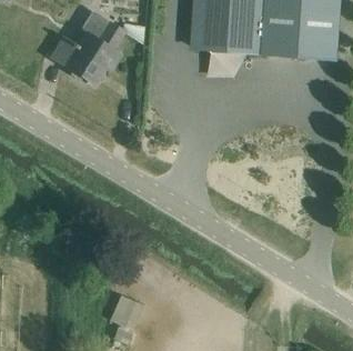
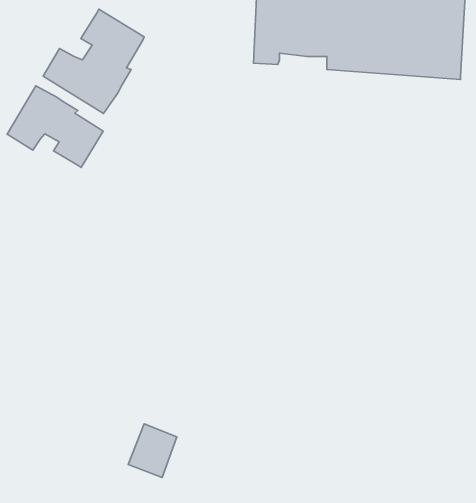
building: none -> [7,86,103,167]

